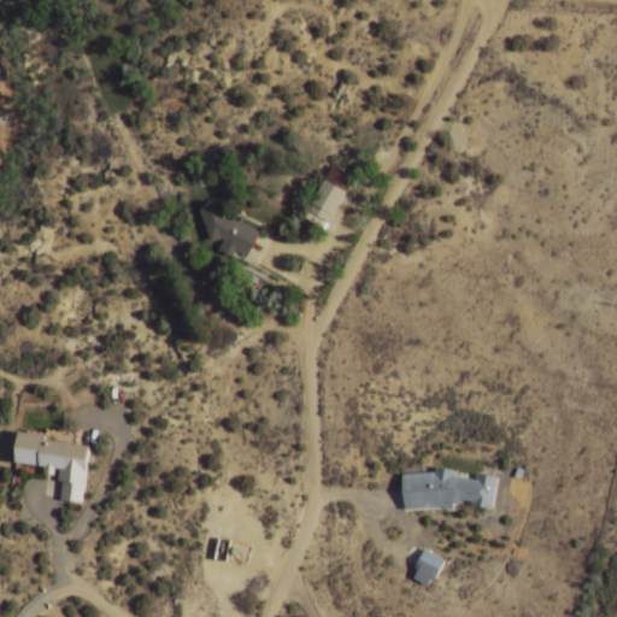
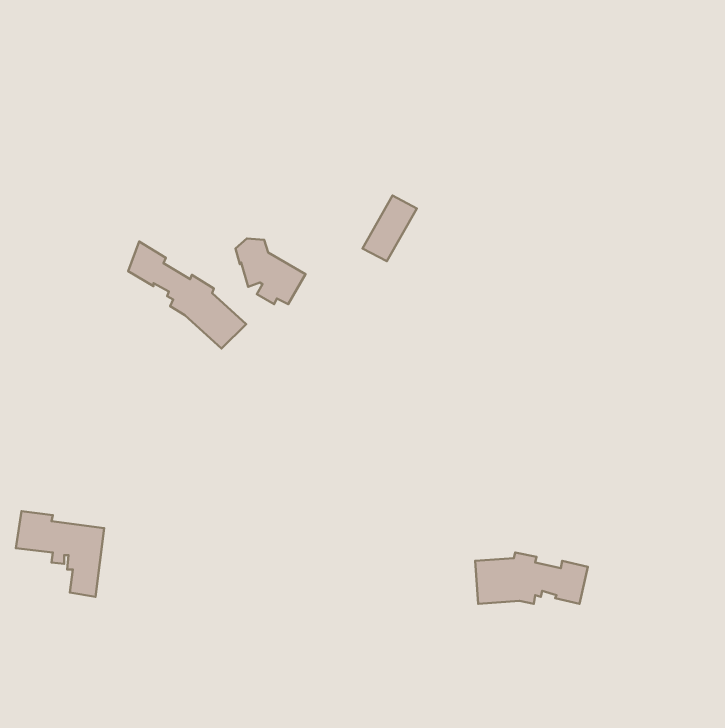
building: none -> [128,242,246,349]
building: [411,548,443,587] -> none

